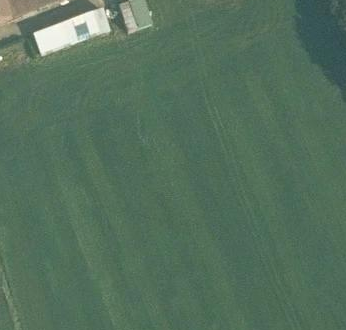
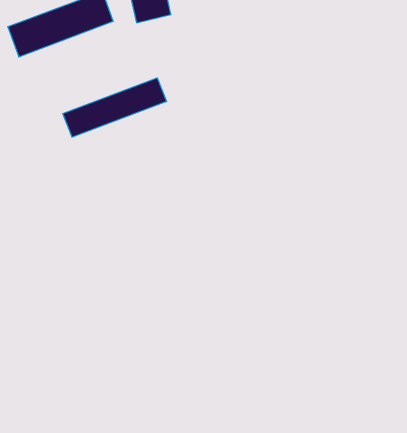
building: none -> [63,78,167,137]

